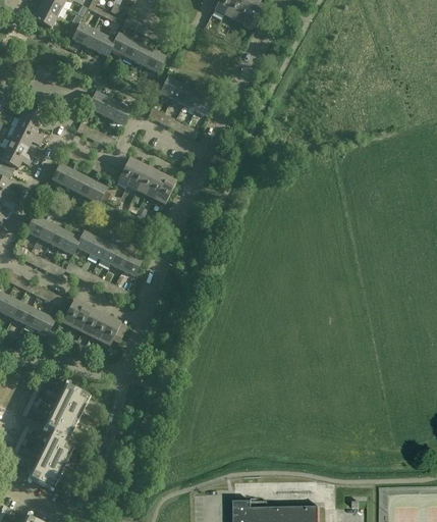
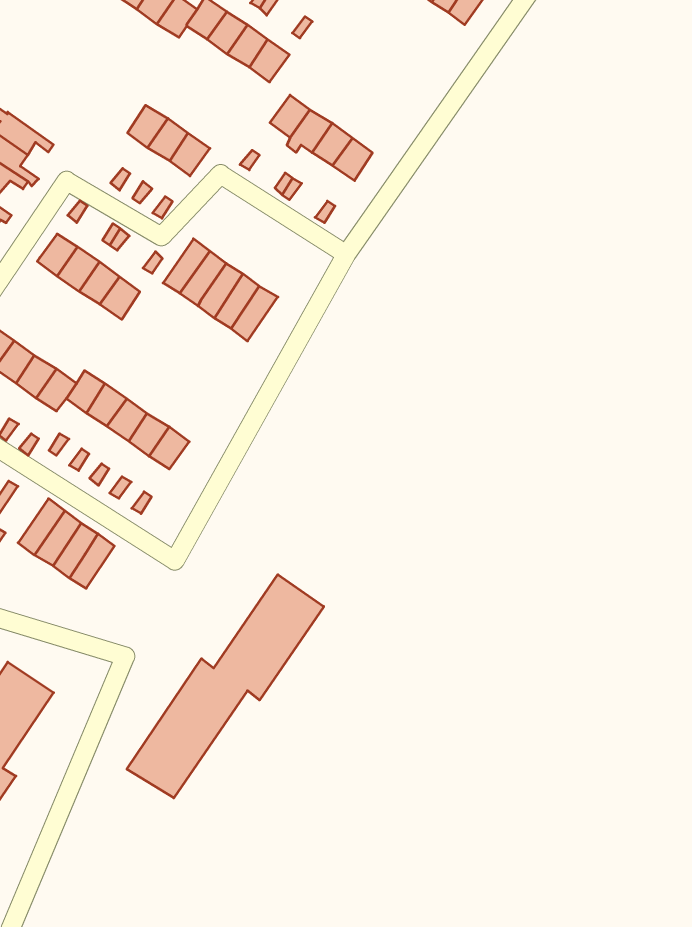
building: [99,317,126,346] -> none
building: none -> [127,575,324,798]

